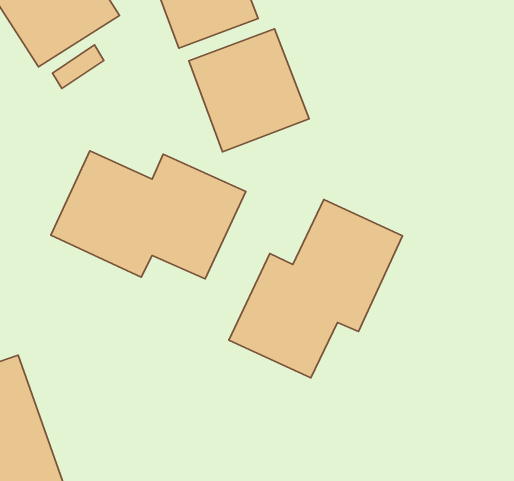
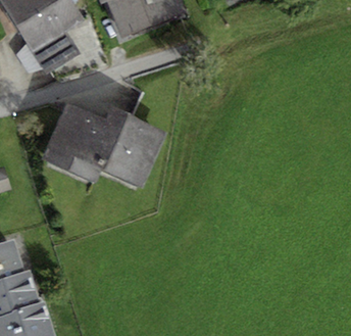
building: [189,29,309,152] -> none
building: [229,199,403,378] -> none

